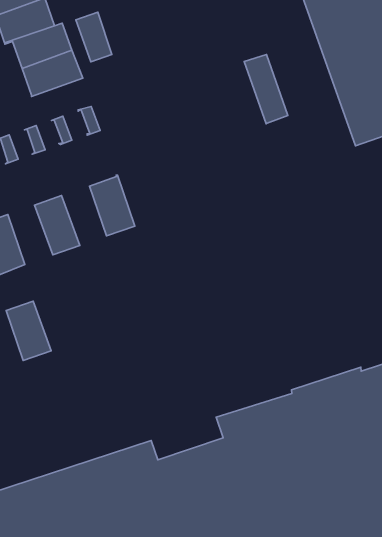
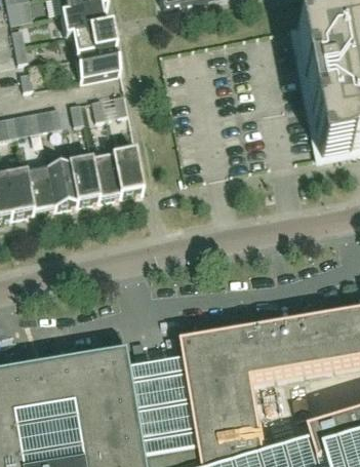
building: [76,12,112,62] -> none
building: [244,55,288,124] -> none
building: none -> [90,153,120,197]
building: [6,301,51,361] -> [47,161,77,205]

